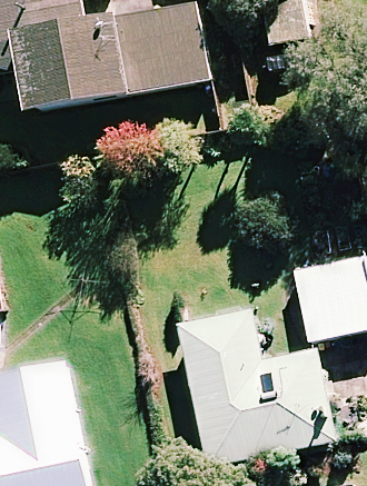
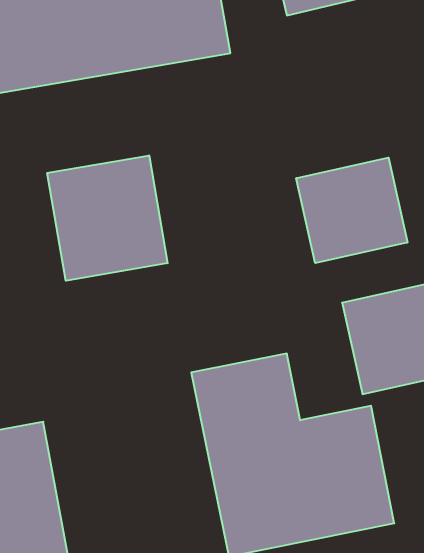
building: none -> [47,155,168,281]
building: none -> [296,158,407,263]

